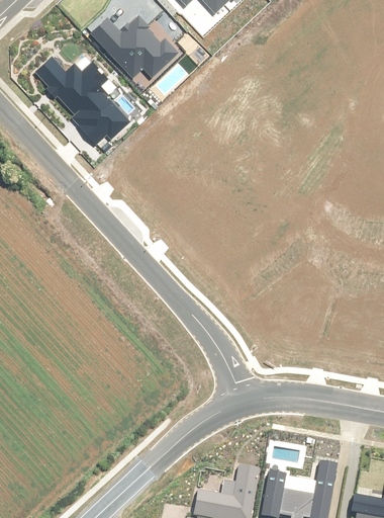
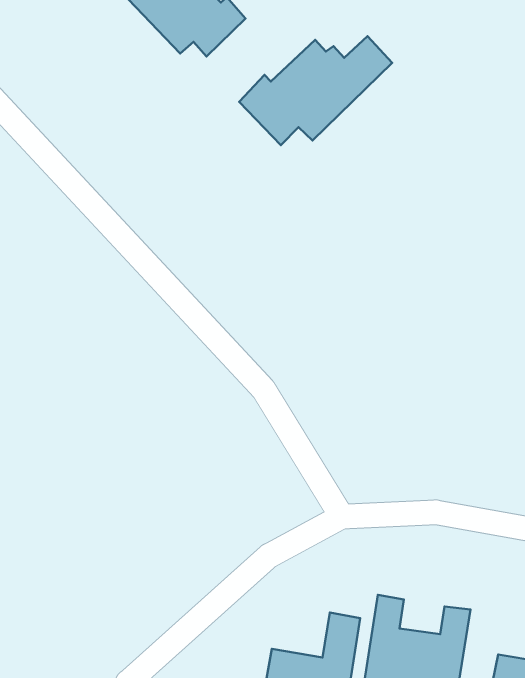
building: [34,57,130,146] -> none
building: none -> [239,36,392,145]

